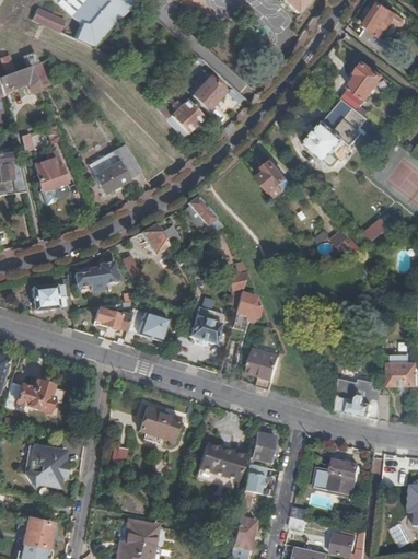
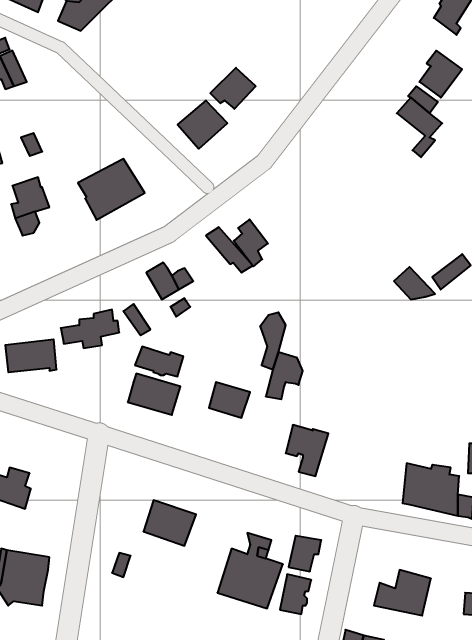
building: [304,108,356,160] -> none
building: [260,159,287,195] -> [234,219,268,266]
building: [94,307,131,330] -> [135,347,183,376]

